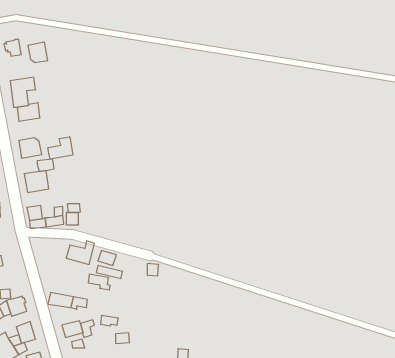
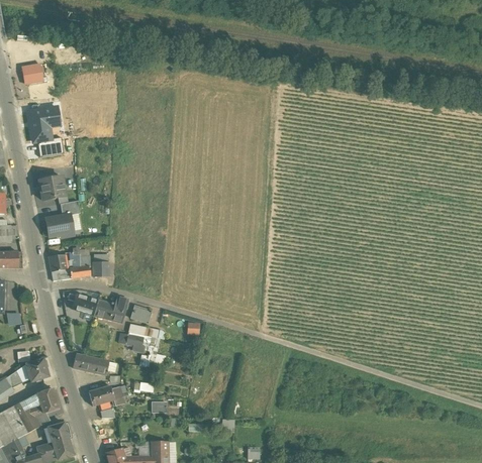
building: [28,42,47,63] -> none
building: [48,137,73,159] -> none
building: none -> [68,294,98,315]

